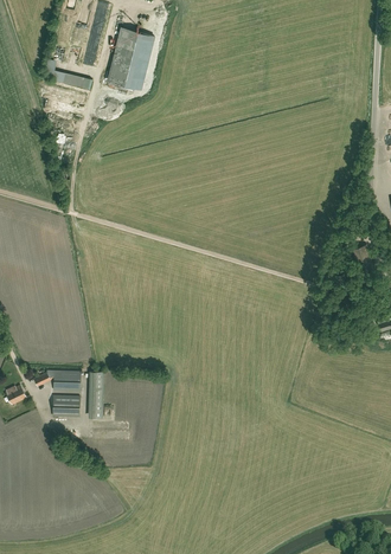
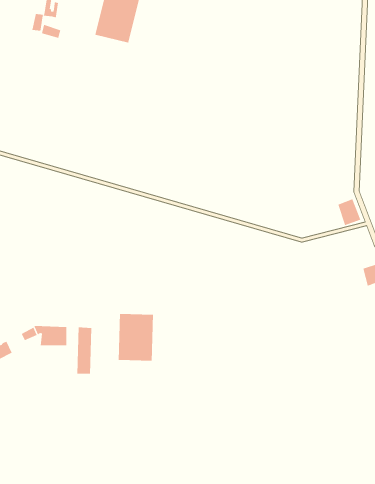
building: none -> [118,313,153,362]
building: [53,394,79,416] -> none

